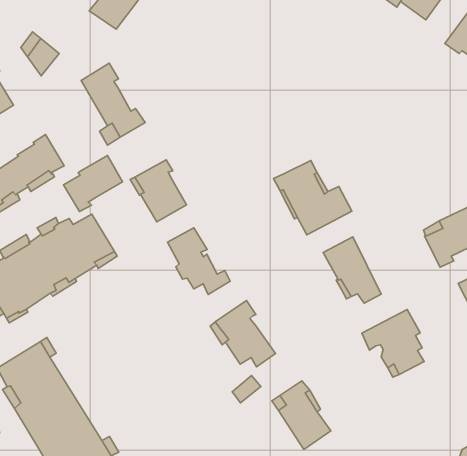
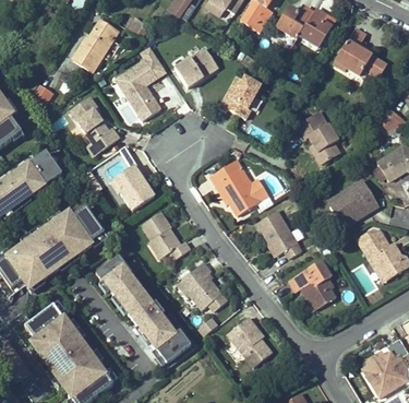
building: none -> [172,47,219,91]
building: none -> [116,60,160,120]
building: none -> [218,74,263,121]
building: none -> [298,112,340,164]
building: [63,156,122,212] -> none
building: none -> [96,257,197,370]

